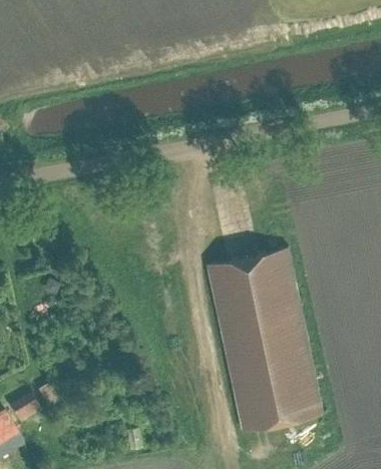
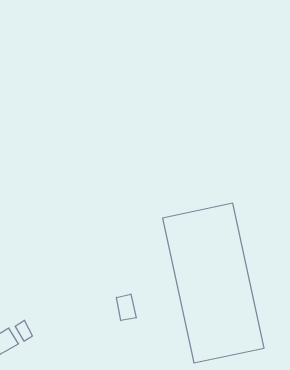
building: none -> [116,294,136,321]

